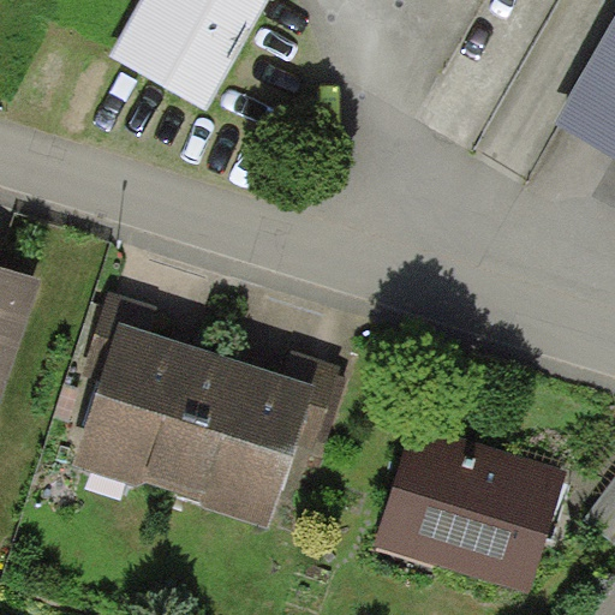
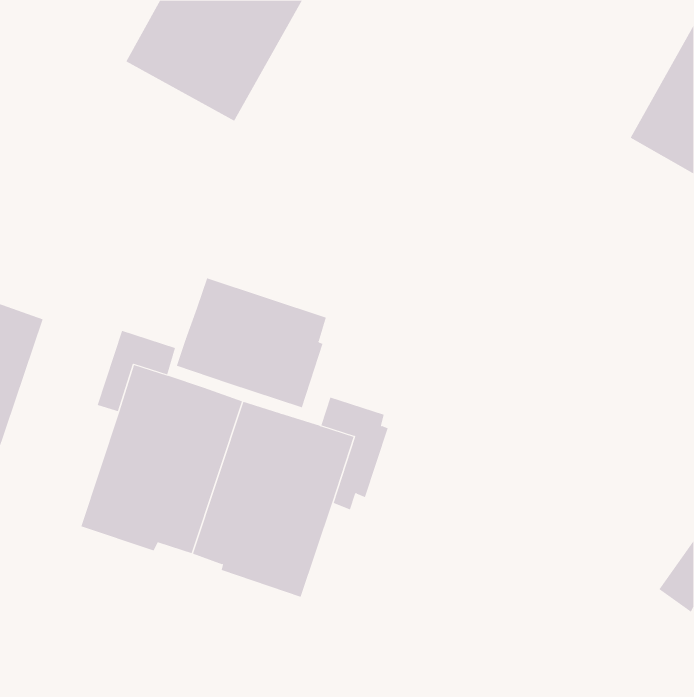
building: none -> [176,277,326,408]
building: [375,426,568,597] -> none

